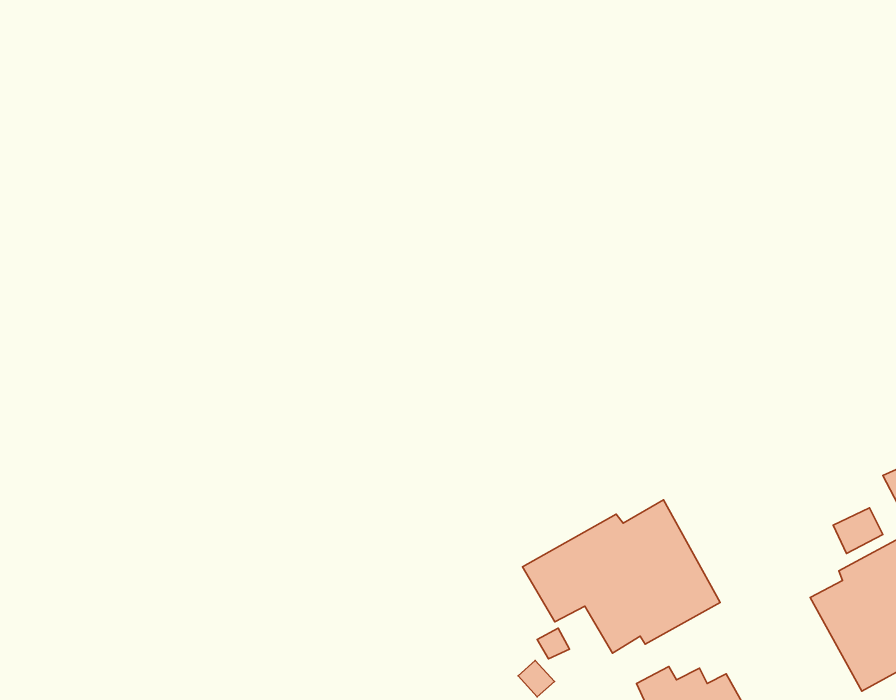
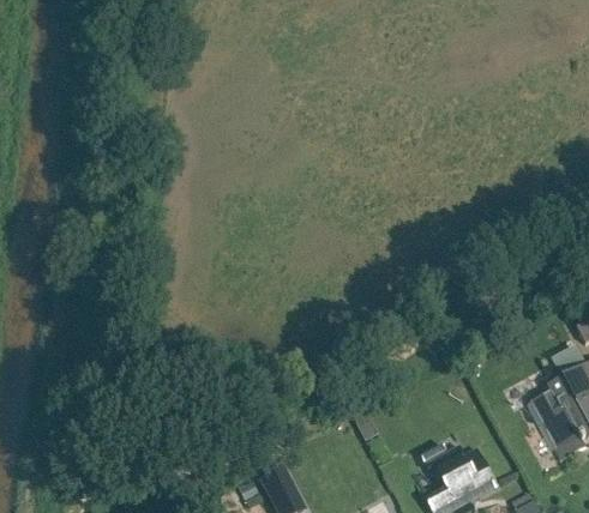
building: [523,500,720,653] -> none

